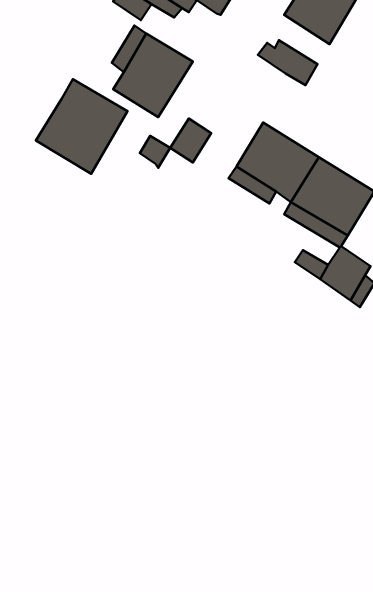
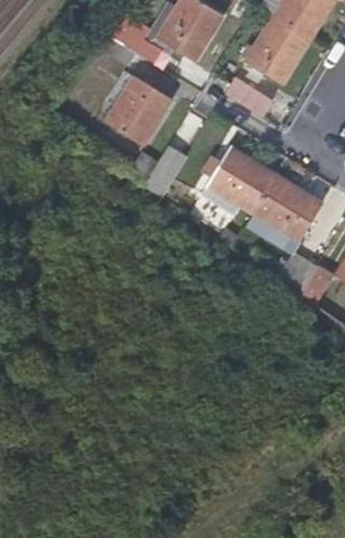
building: [36,79,128,174] -> none

